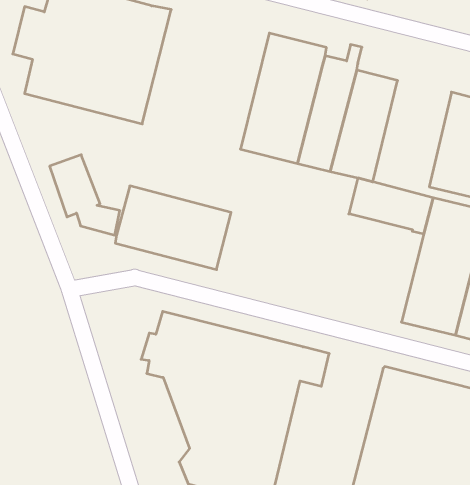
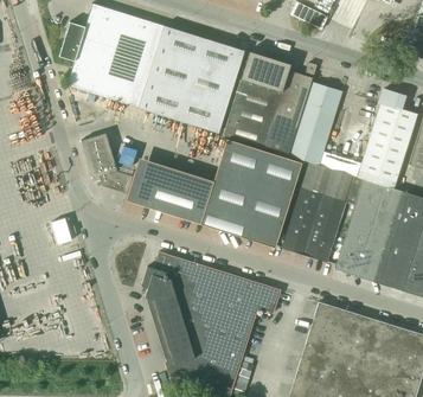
building: none -> [152,30,244,133]
building: none -> [200,139,301,246]
building: none -> [282,187,346,262]

